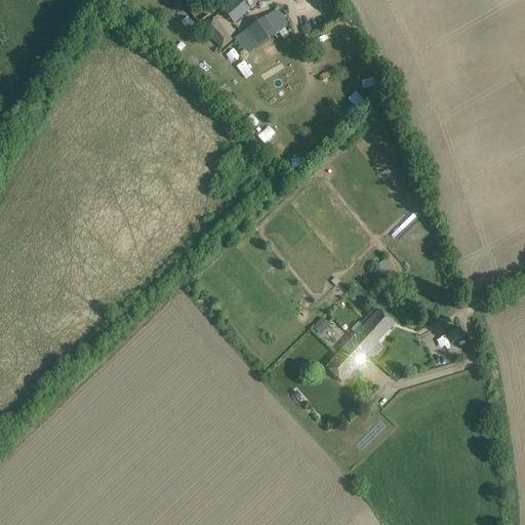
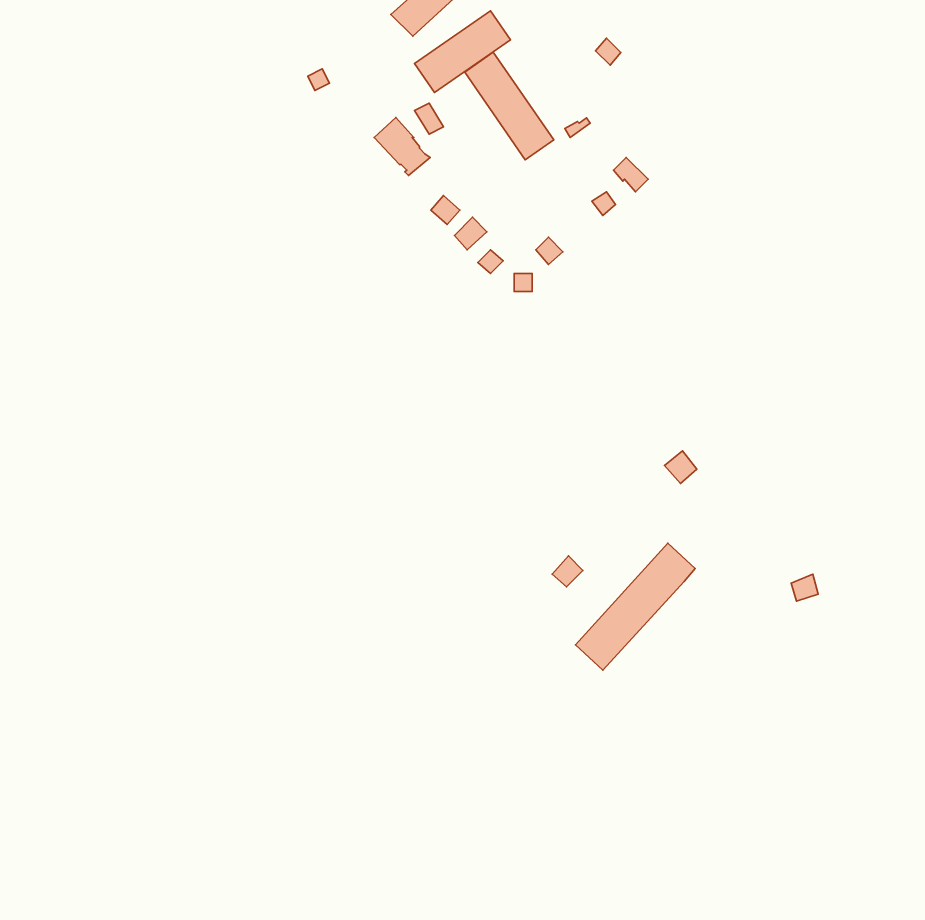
building: [201,14,233,47] -> [374,118,430,175]
building: none -> [465,52,554,160]

